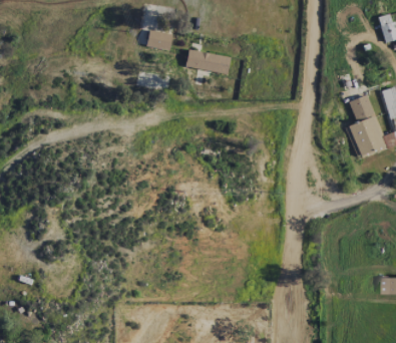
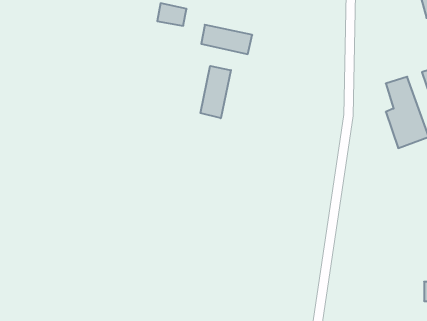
building: none -> [200,66,231,118]

